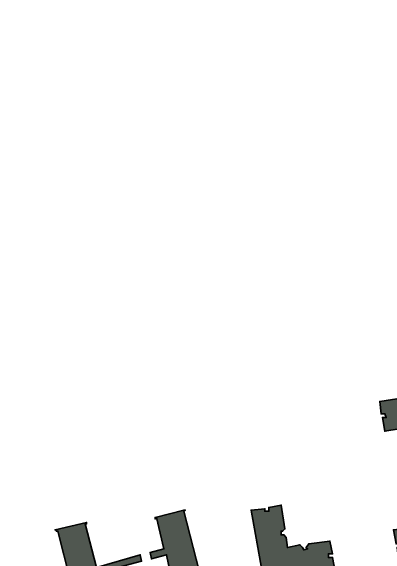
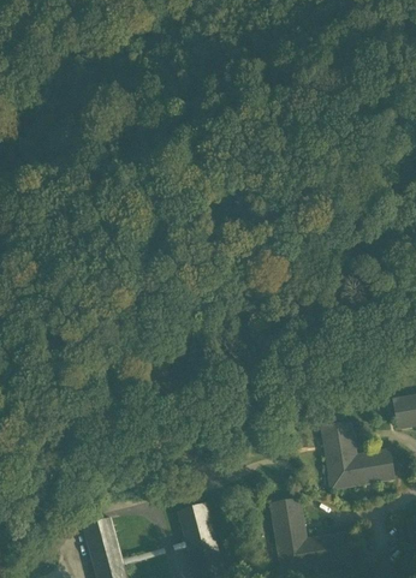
building: none -> [322,421,393,487]

